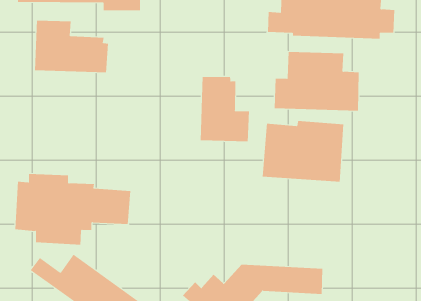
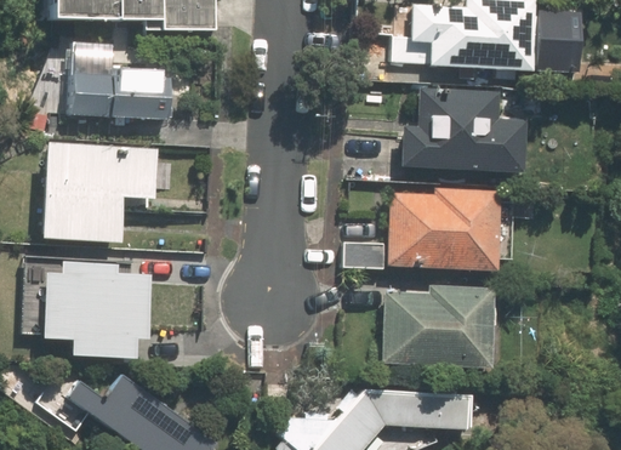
building: [200,76,250,142] -> none
building: none -> [38,142,159,243]
building: none -> [381,283,494,369]

